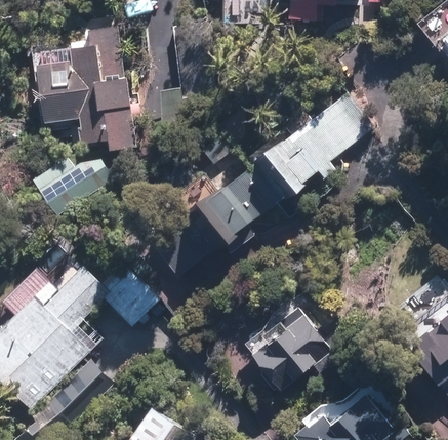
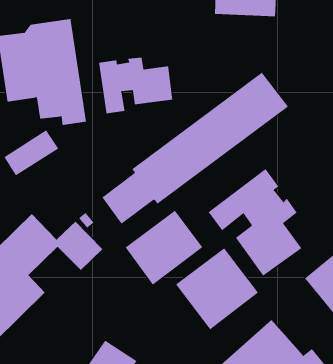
building: none -> [98,57,173,114]
building: none -> [208,168,302,277]
building: none -> [125,210,203,286]

